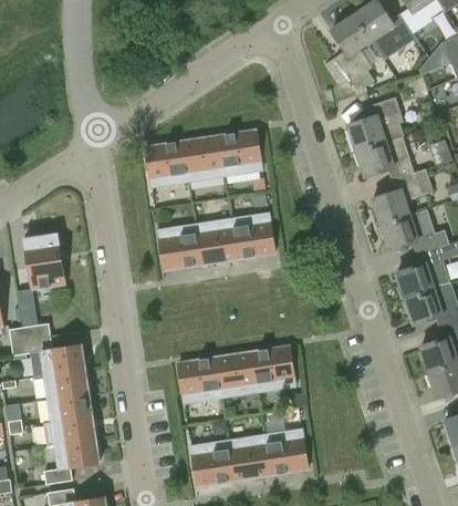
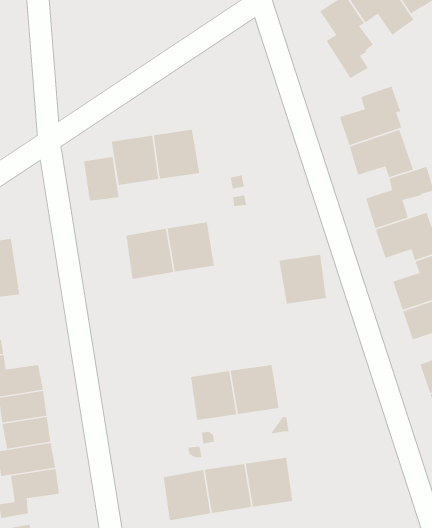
building: [217,130,261,175] -> none
building: none -> [83,156,119,201]
building: [230,213,273,258] -> [279,254,327,305]
building: [177,357,220,402] -> none

